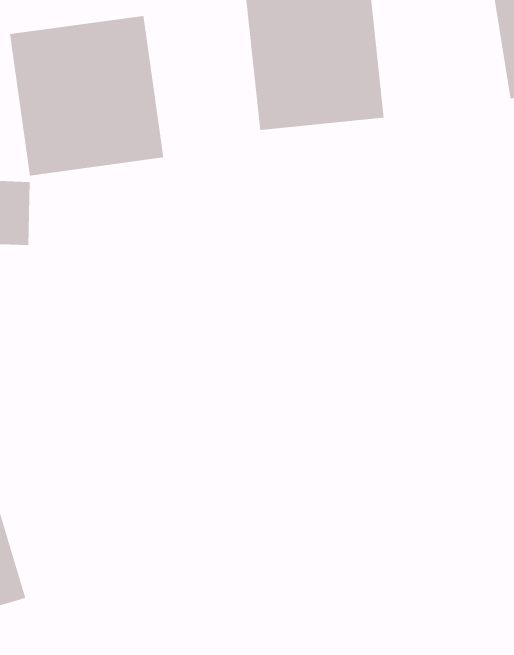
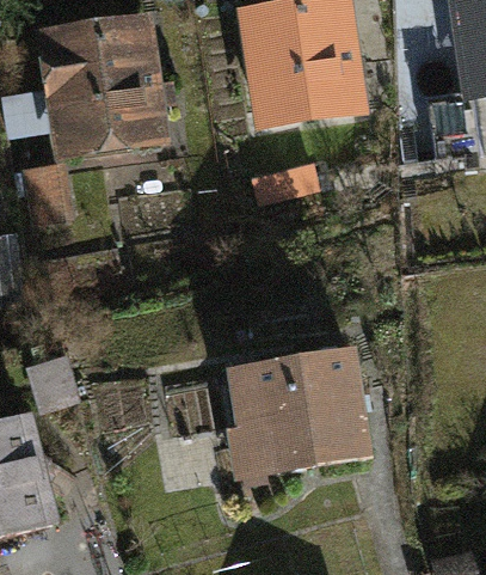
building: none -> [233,351,363,463]

